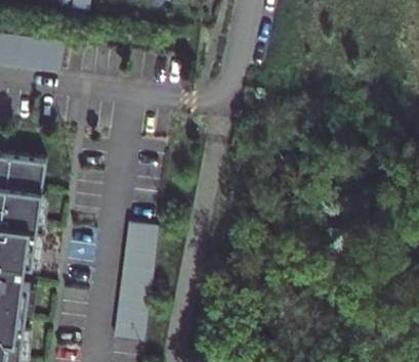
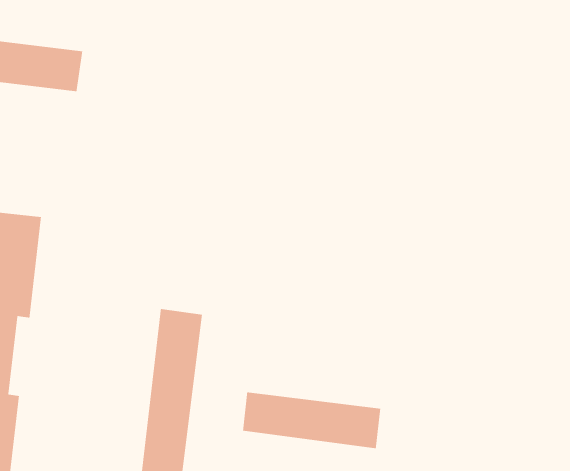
building: none -> [242,391,381,449]

